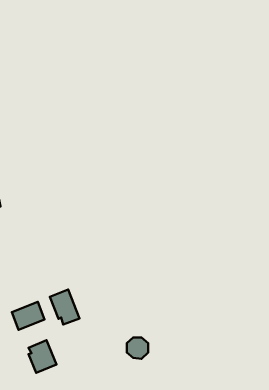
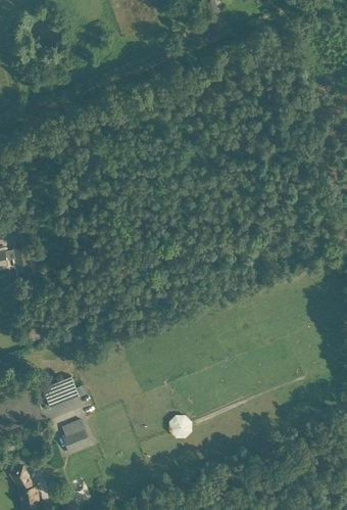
building: [50,289,79,325] -> none

